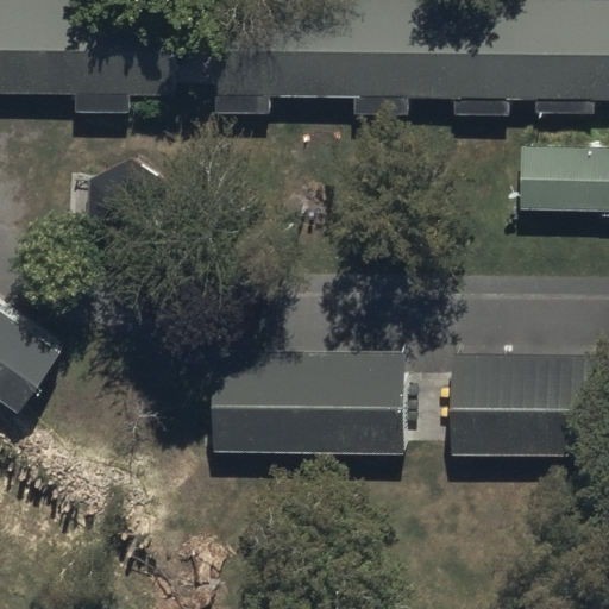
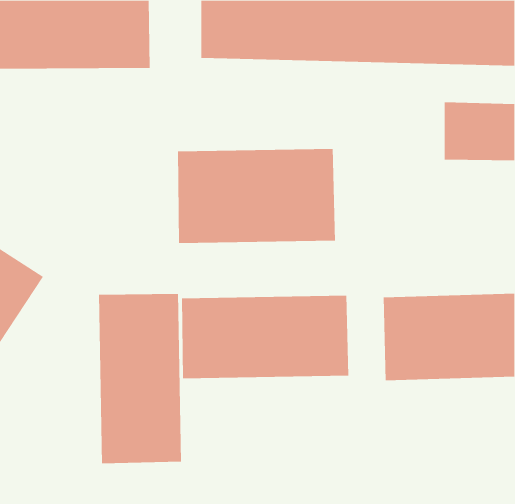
building: none -> [177,148,335,244]
building: none -> [99,293,181,464]

